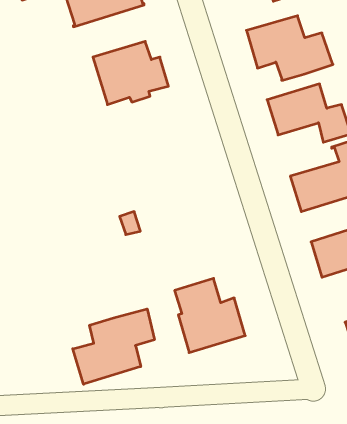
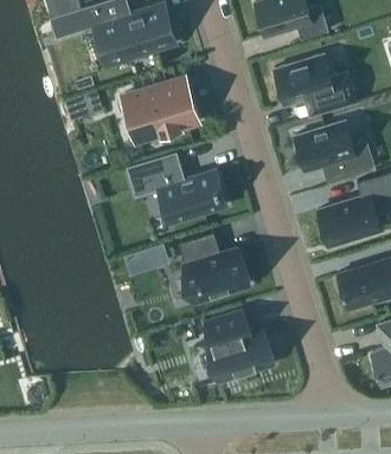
building: none -> [126,151,224,223]
building: none -> [178,233,248,300]
building: [73,309,154,384] -> none

